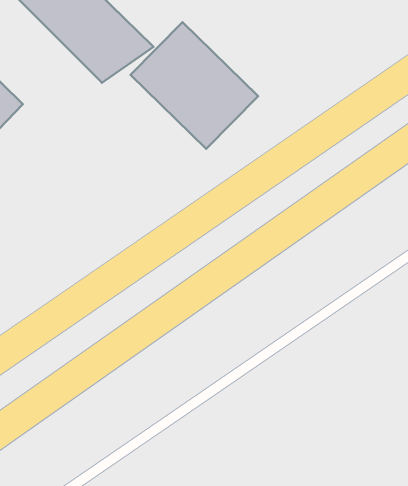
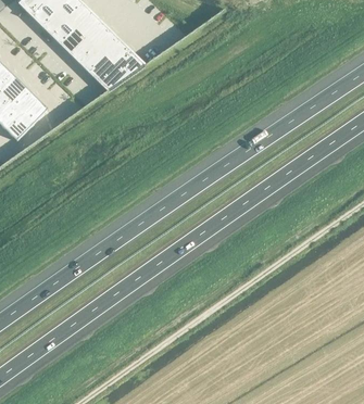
building: [130,22,258,149] -> none

